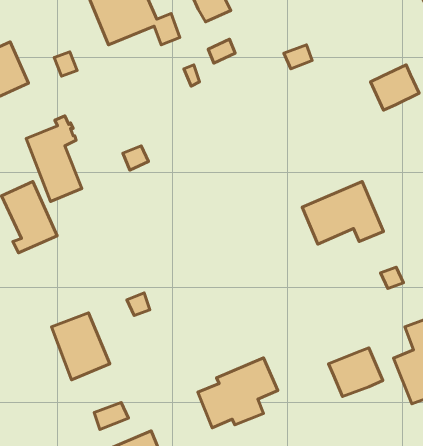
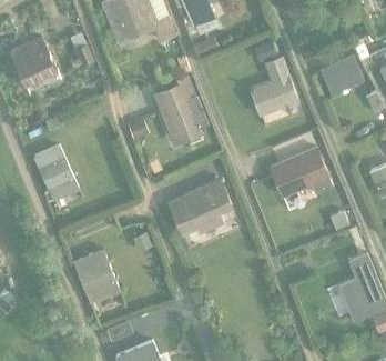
building: none -> [250,59,297,117]
building: [26,116,82,201] -> [156,80,200,147]
building: [329,348,383,397] -> none
building: [198,358,278,428] -> [172,181,234,235]

